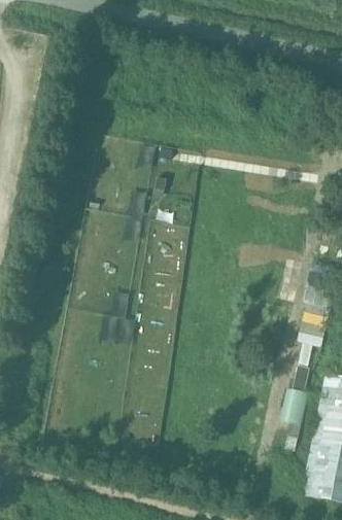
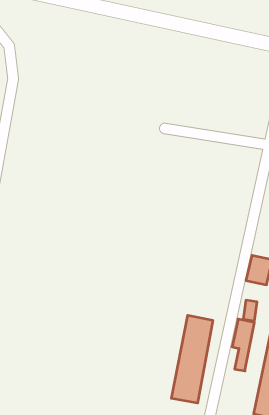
building: none -> [171,315,213,403]

